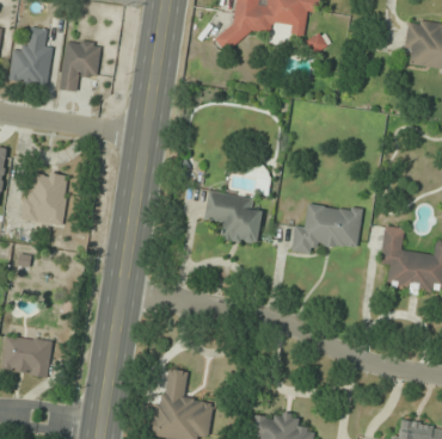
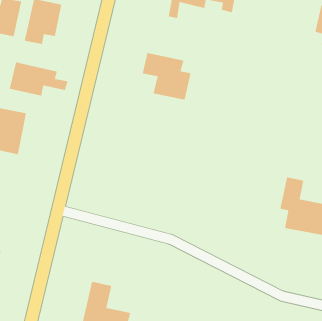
building: none -> [9,62,69,97]
building: [203,190,262,243] -> [142,52,191,100]
building: [290,200,362,254] -> none

